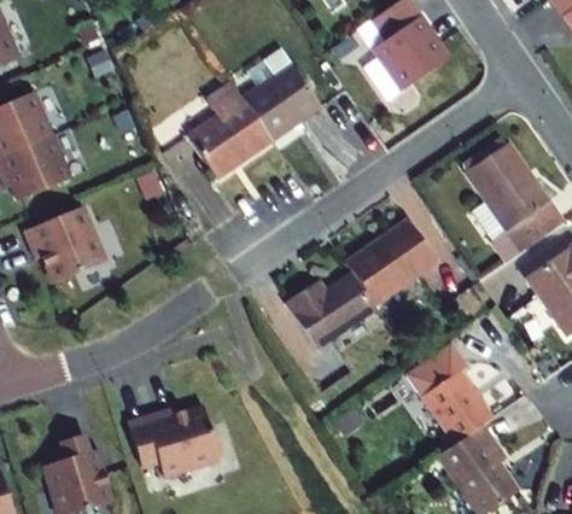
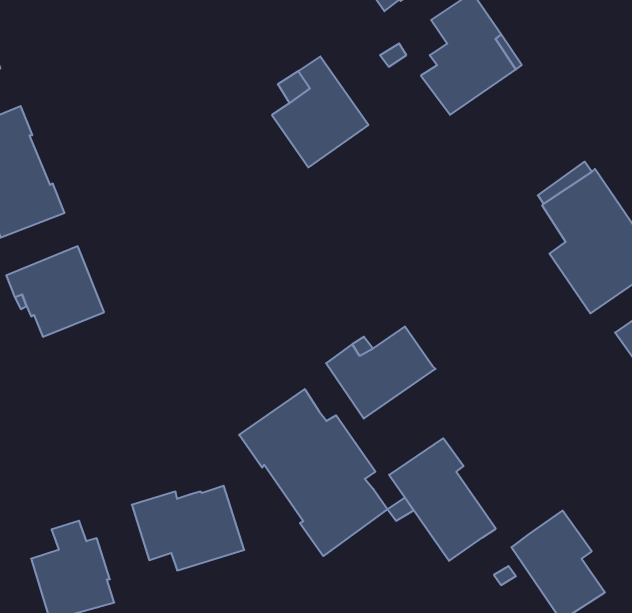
building: [188,83,273,179] -> none
building: [346,220,438,305] -> none
building: none -> [239,389,387,556]
building: [405,343,494,444] -> [389,438,496,561]

